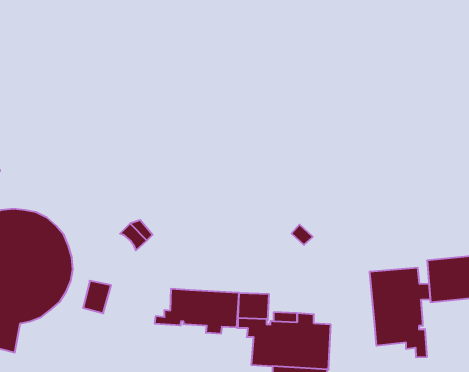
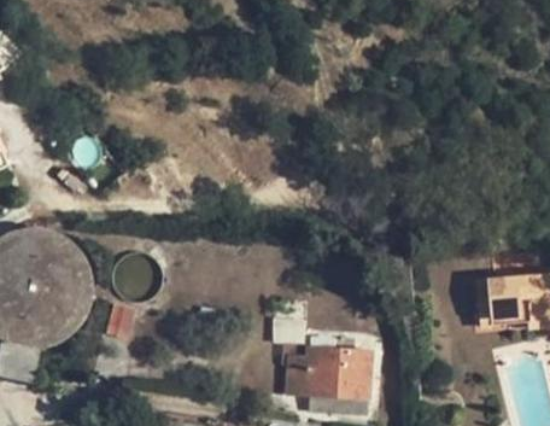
building: [370,268,430,357] -> none
building: [155,289,239,334] -> none

